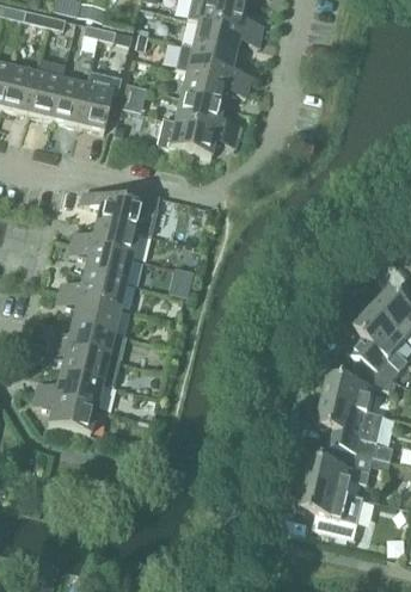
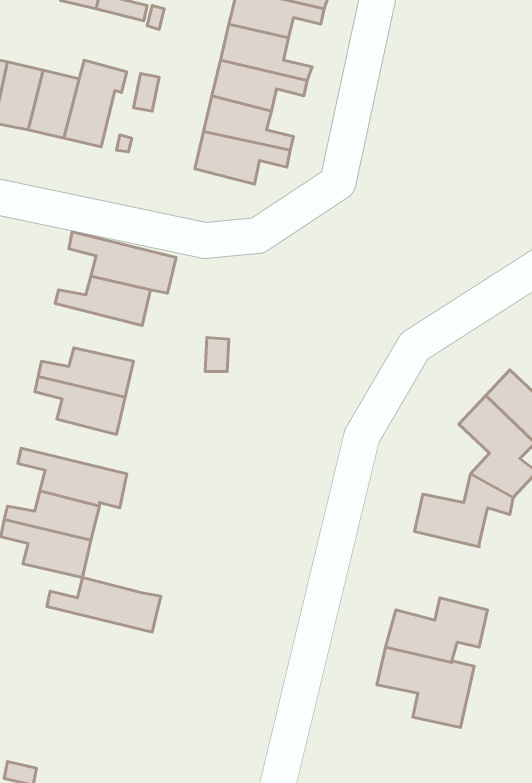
building: [68,241,131,282] -> none
building: [47,322,127,360] -> [47,578,161,632]
building: [317,401,394,458] -> none

